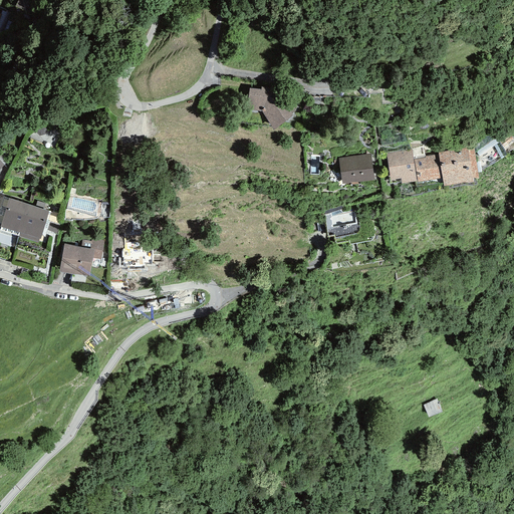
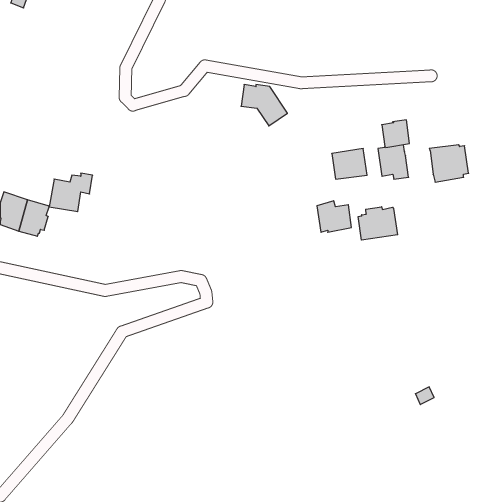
building: [414,154,442,182] -> [382,120,409,147]
building: none -> [358,207,398,240]
building: [59,237,103,276] -> [49,173,93,212]

